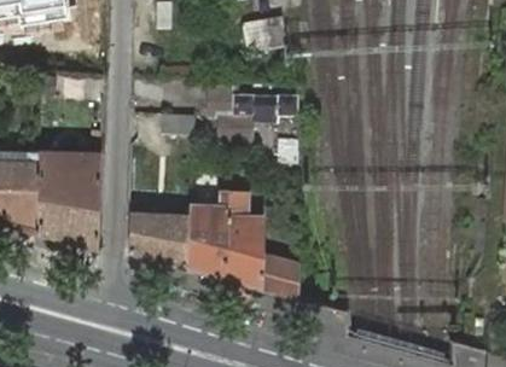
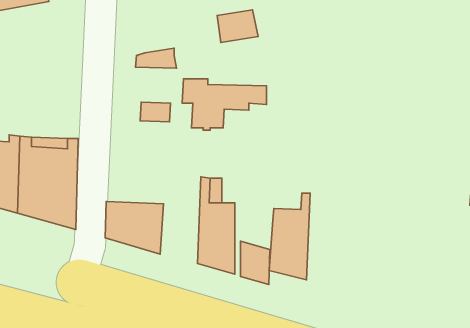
building: [185,190,227,279] -> [269,193,310,280]

